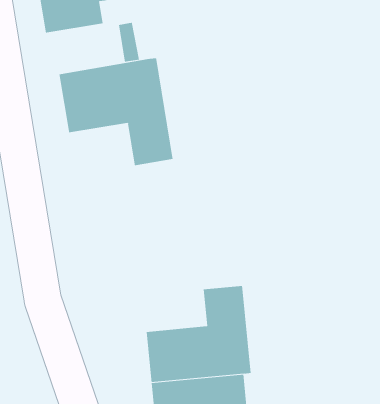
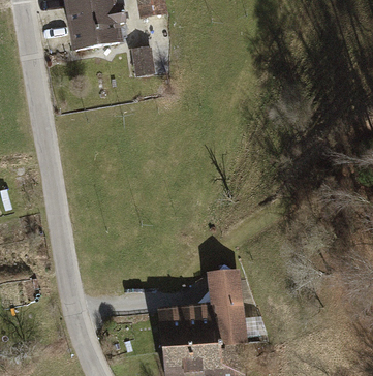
building: [59,58,173,166] -> none

